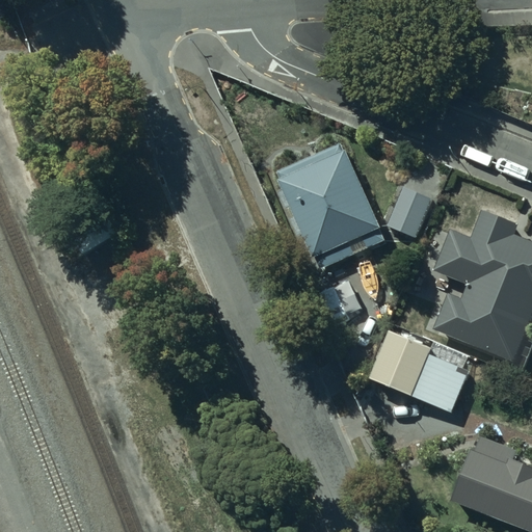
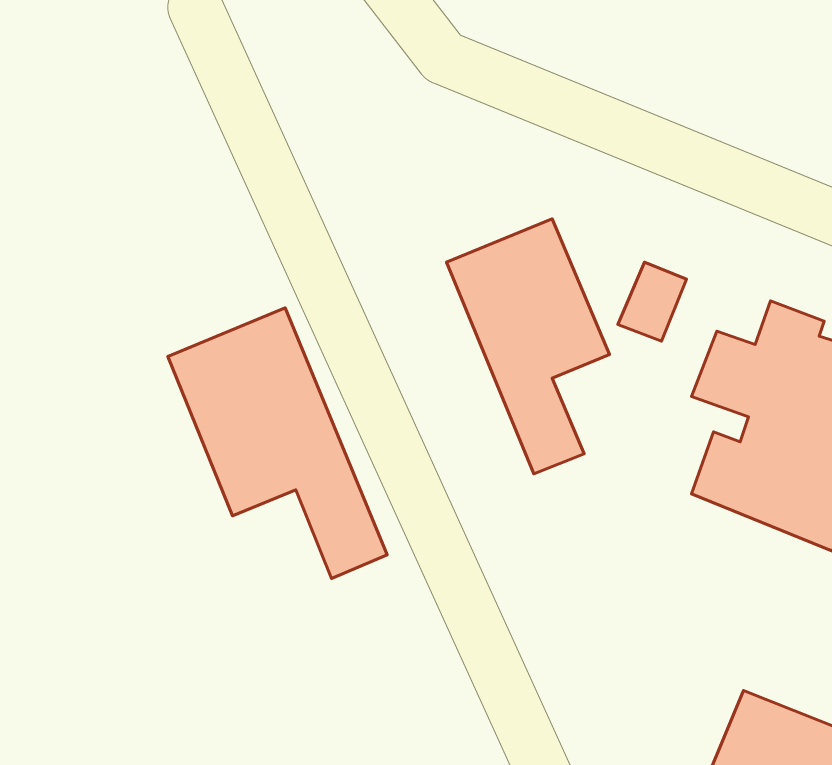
building: none -> [168,308,387,578]
building: [371,329,479,420] -> none

